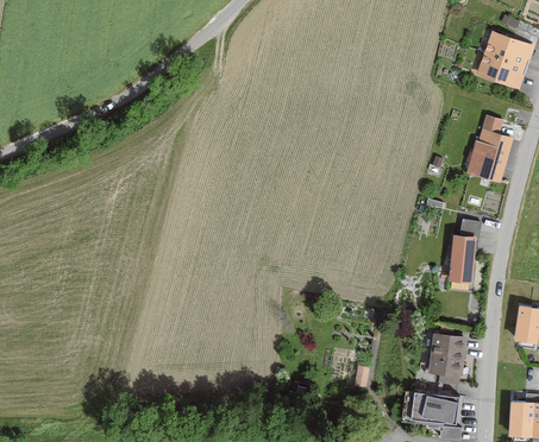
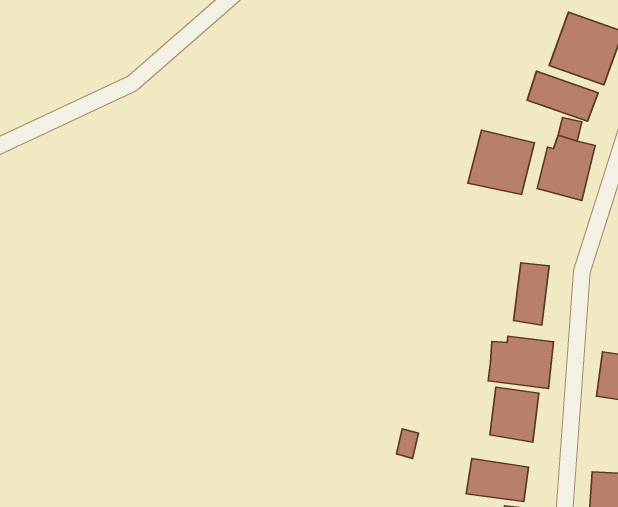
building: none -> [527,71,598,121]
building: none -> [468,130,534,194]
building: none -> [488,336,553,389]

